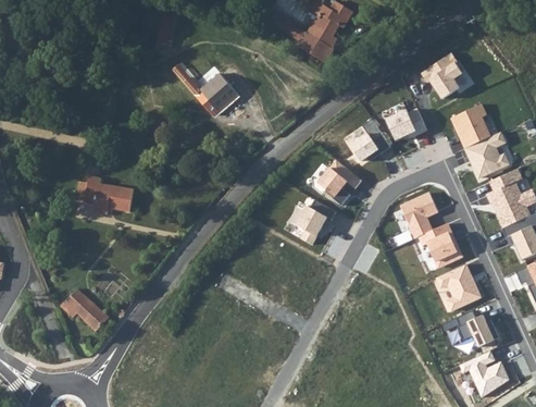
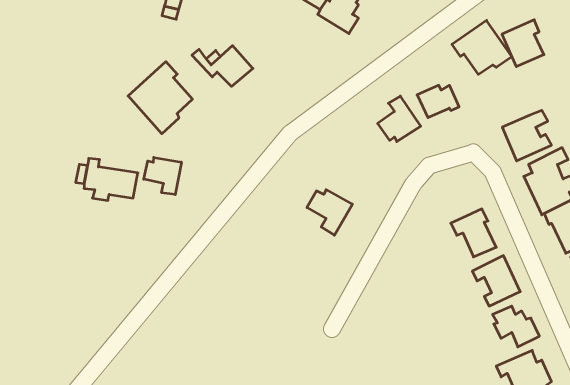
building: none -> [128,62,192,134]
building: [451,106,489,148] -> [502,20,544,67]
building: [317,158,364,197] -> none
building: none -> [144,157,181,195]
building: [401,194,438,237] -> none
building: [60,291,109,332] -> none

